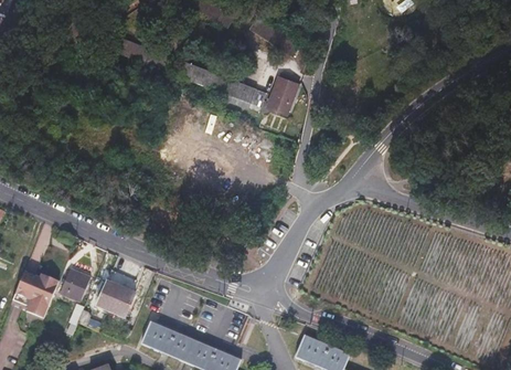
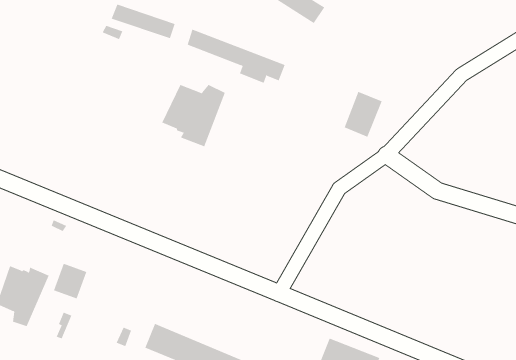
building: [265,75,299,116] -> [344,91,383,137]
building: none -> [161,84,226,147]
building: [94,263,142,318] -> none

